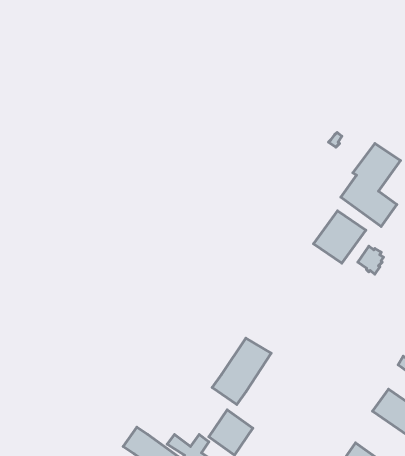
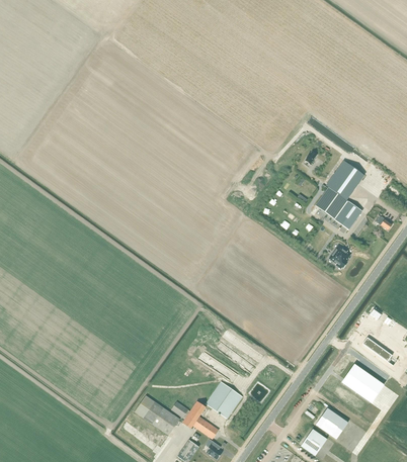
building: [314,211,366,263] -> none
building: [212,338,271,405] -> none

